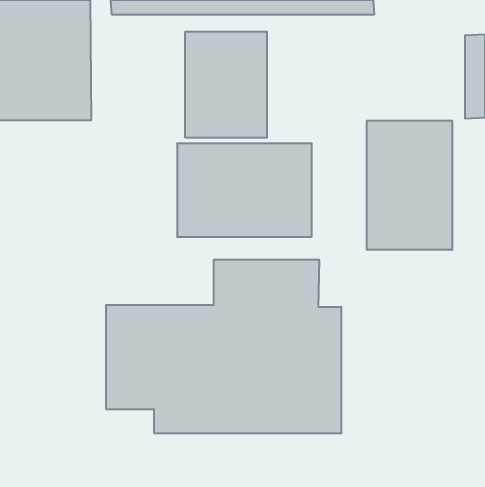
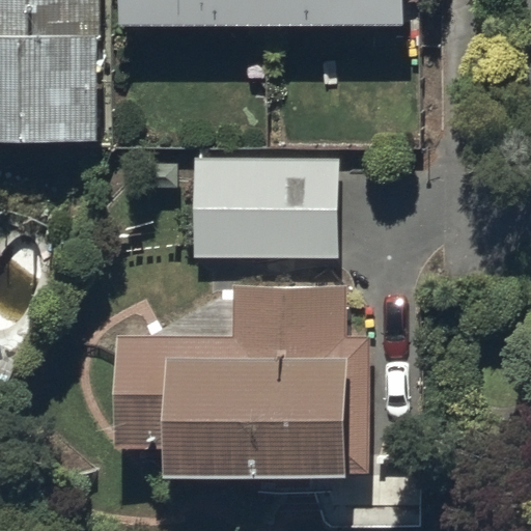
building: [185,32,267,138] -> none
building: [367,121,452,250] -> none

